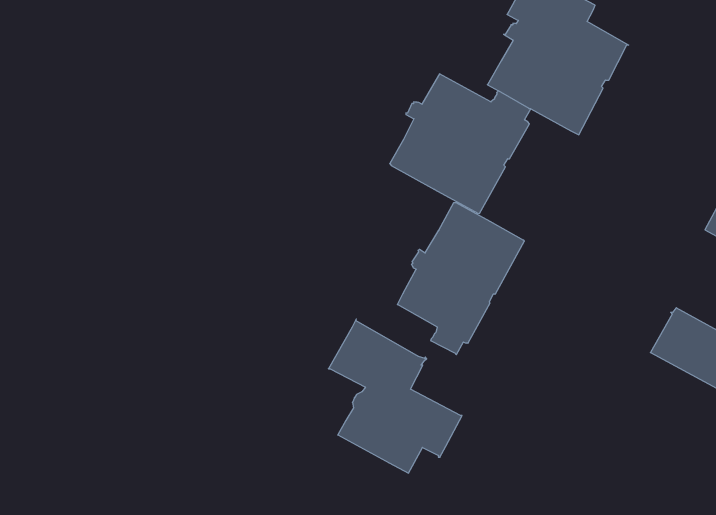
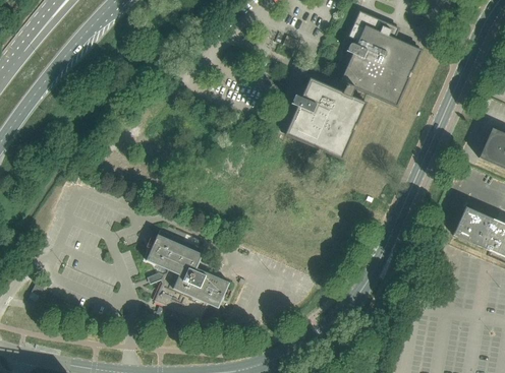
building: [397,203,524,355] -> none
building: [328,319,462,473] -> [147,229,230,319]

